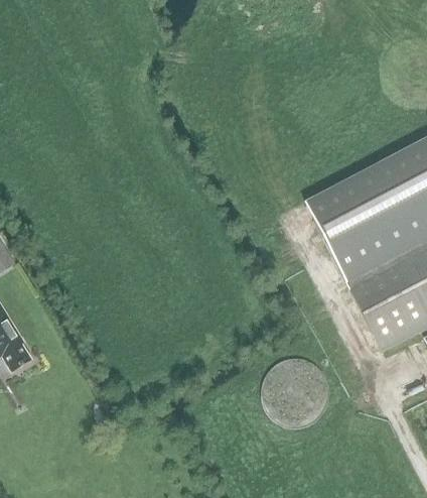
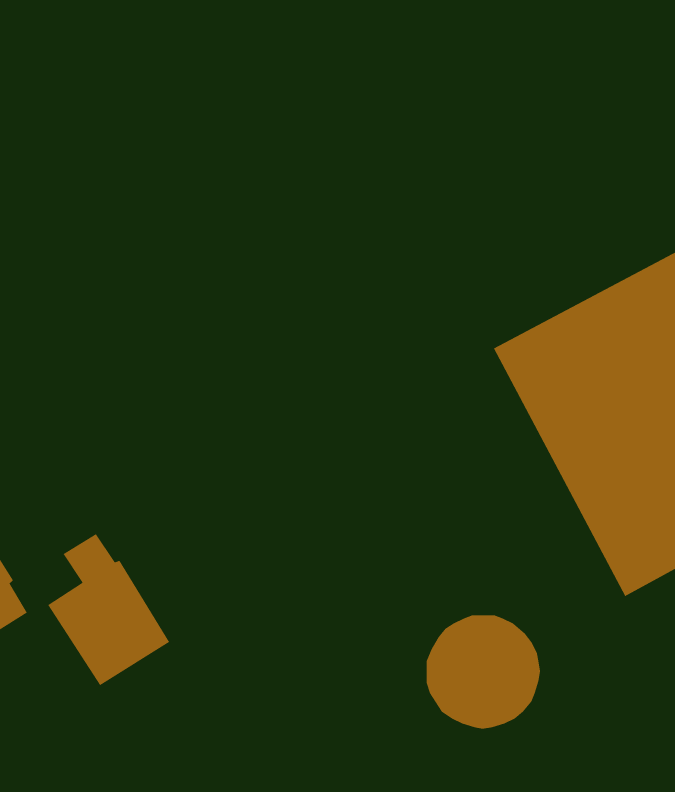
building: none -> [47,533,170,686]

